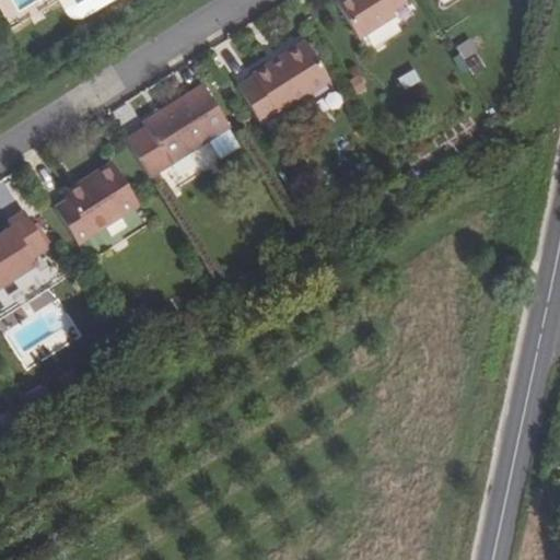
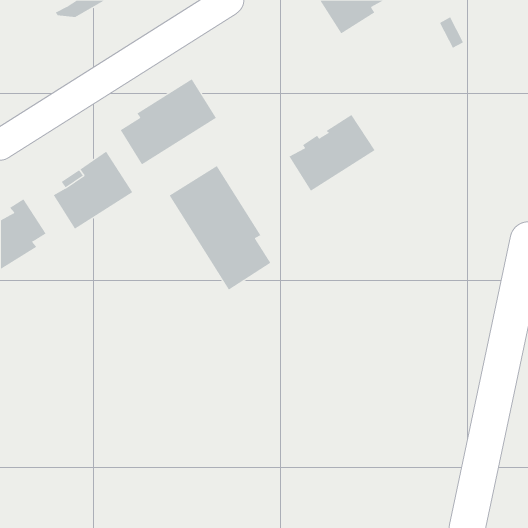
building: [238,38,330,120] -> [289,114,375,192]
building: none -> [169,165,271,290]

